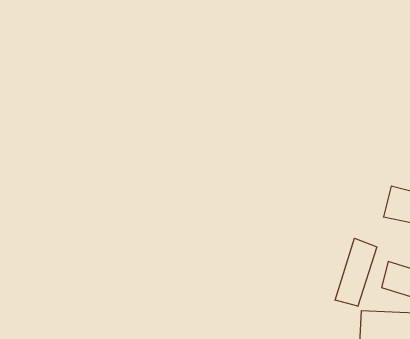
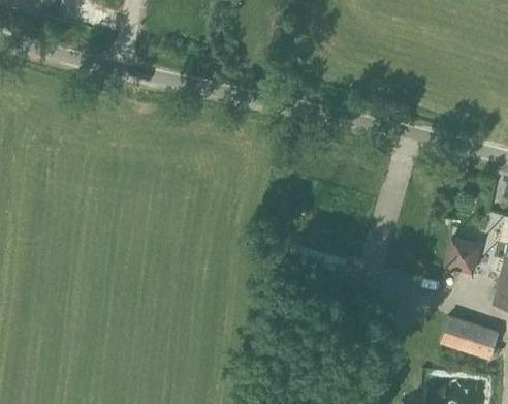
building: [335,238,377,306] -> none

